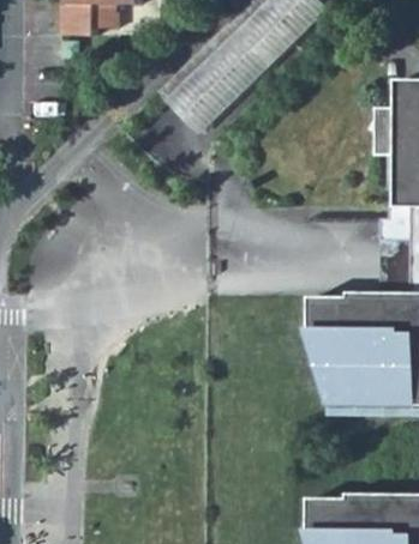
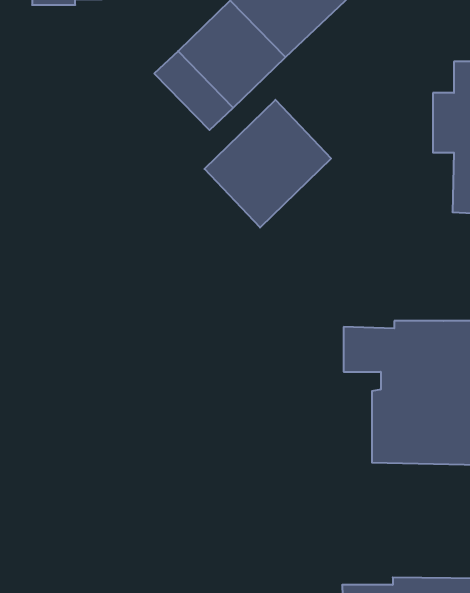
building: none -> [204,100,331,228]

